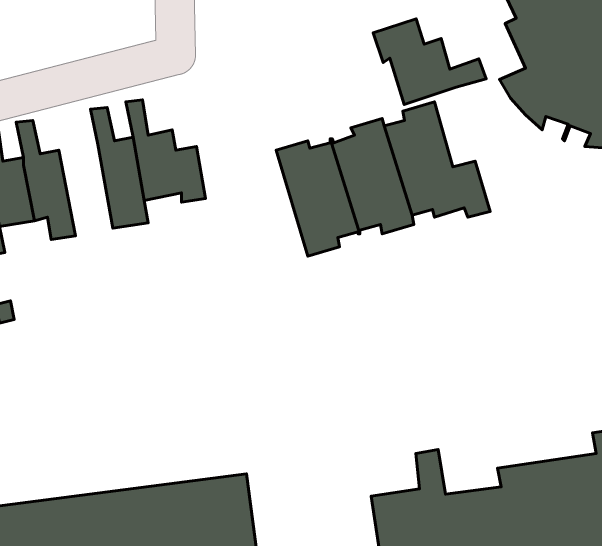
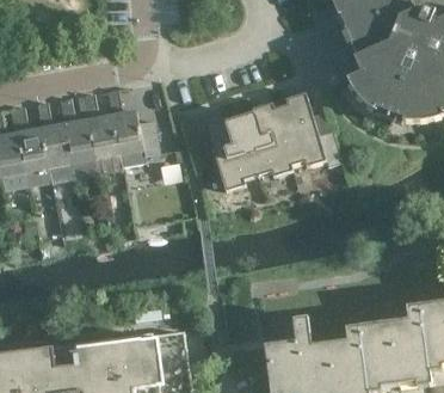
building: [373,19,486,105] -> none
building: none -> [58,99,97,178]

